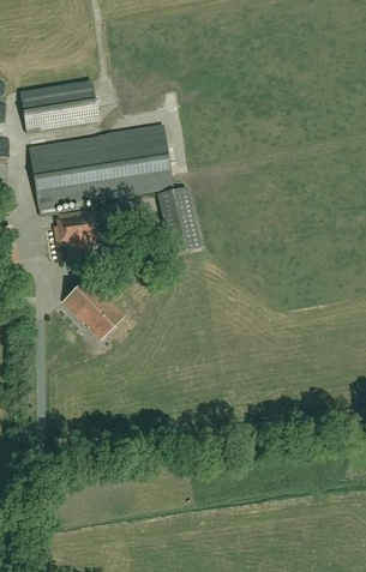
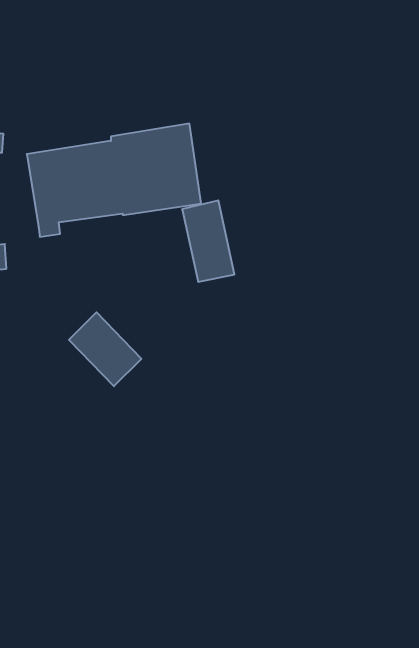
building: [19,79,97,132] -> none
building: [53,218,100,258] -> none

